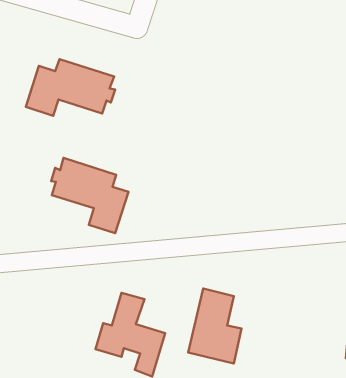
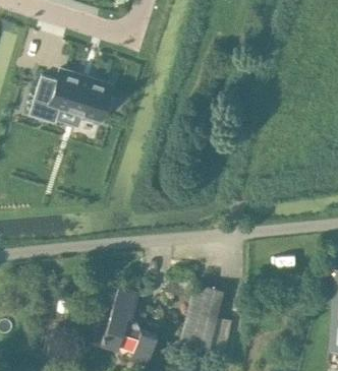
building: [51,158,128,233] -> none

